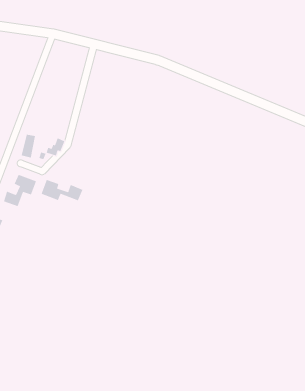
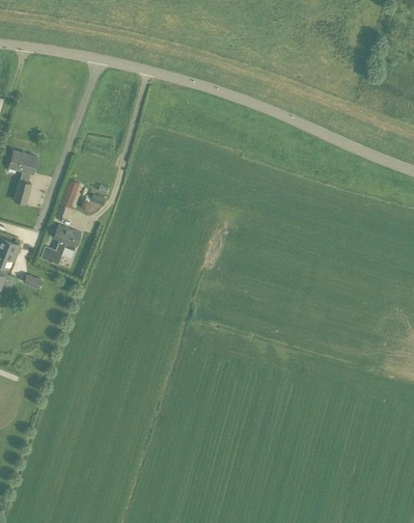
building: [41,179,83,201] -> none

